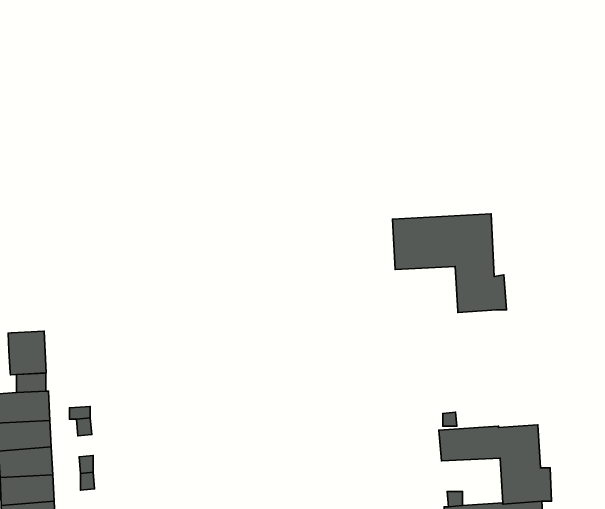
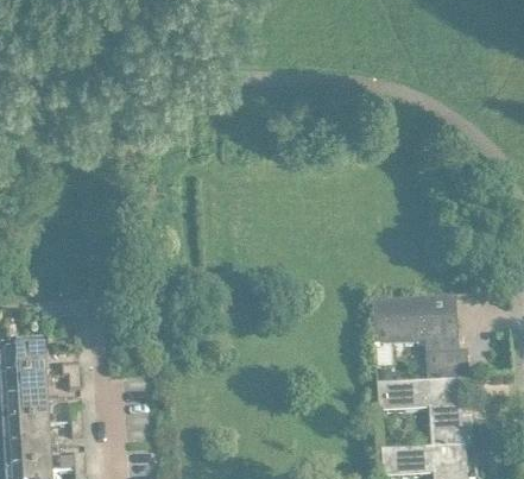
building: [392,214,507,313] -> [372,295,469,379]
building: [8,331,46,375] -> none

